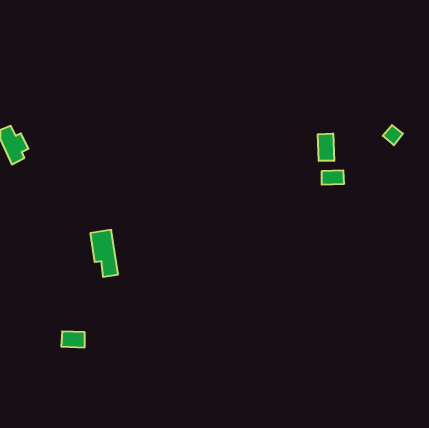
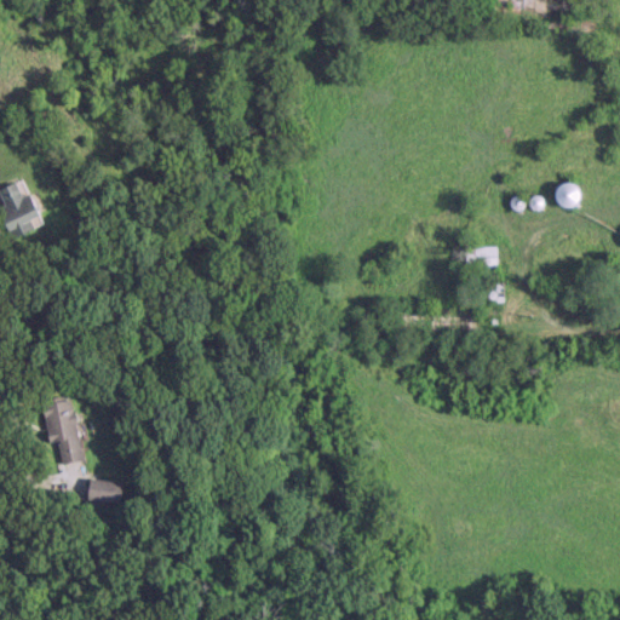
building: [318,133,334,161] -> none
building: [90,230,118,277] -> [42,397,82,465]

